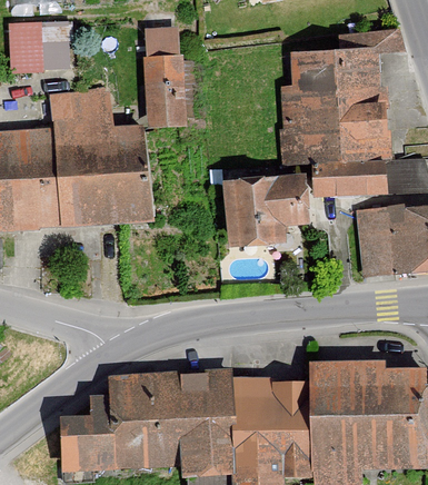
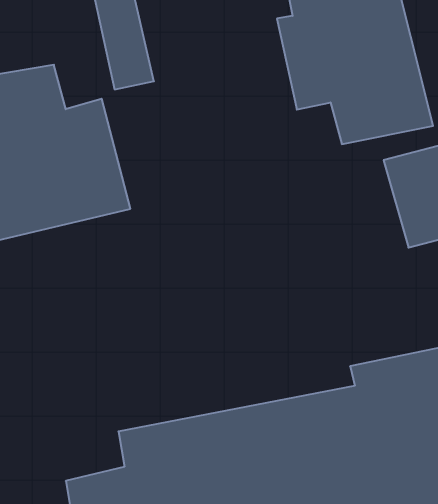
building: [228,177,307,244] -> none

